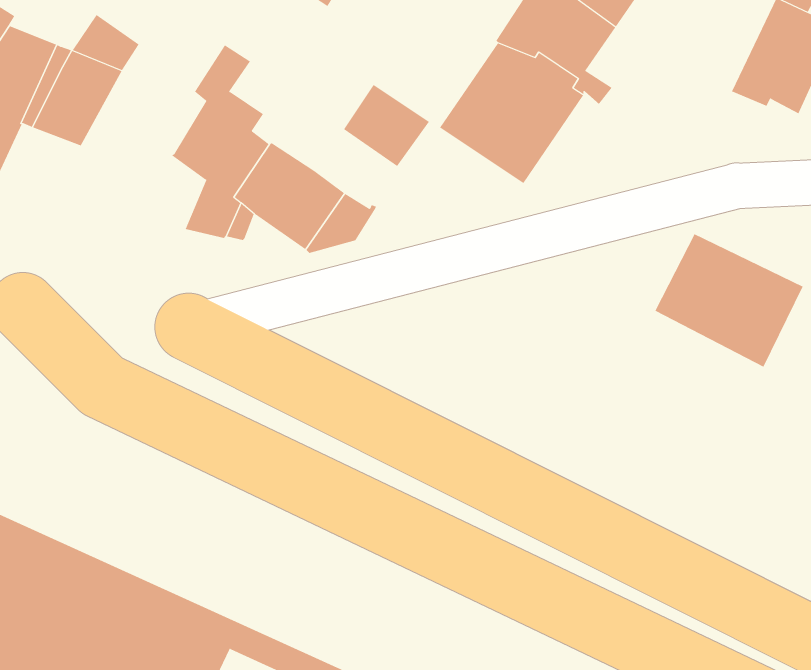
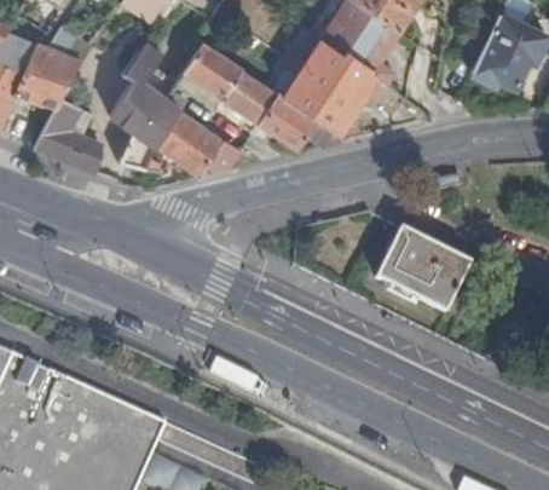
building: none -> [183,45,241,99]
building: none -> [250,94,347,151]
building: none -> [34,99,100,174]
building: [655,234,803,367] -> [374,227,469,313]

